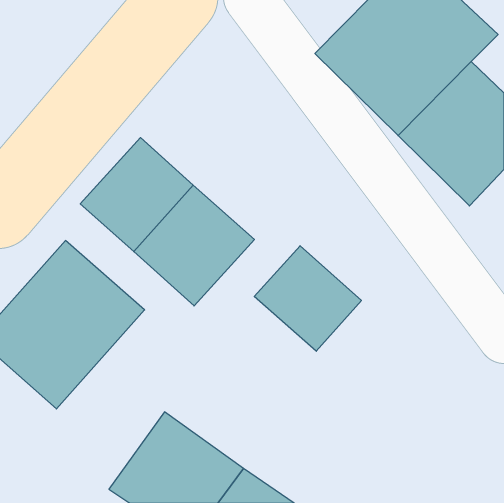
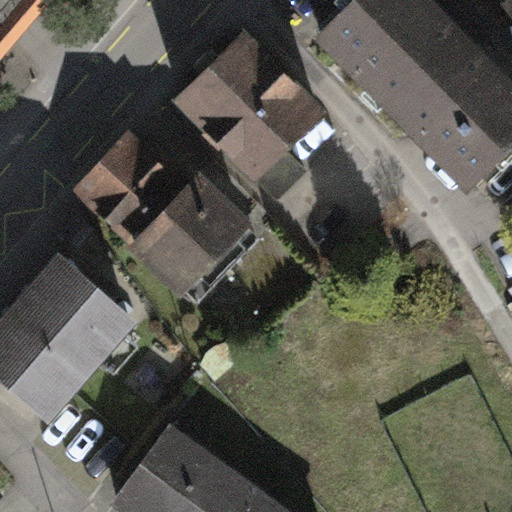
building: none -> [173,46,333,207]
building: [254,246,361,351] -> none

